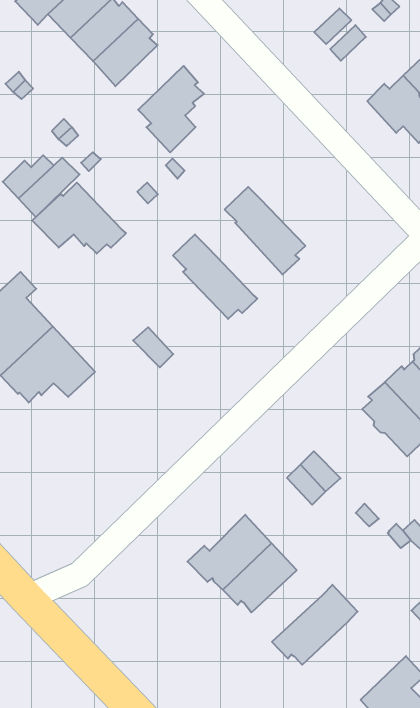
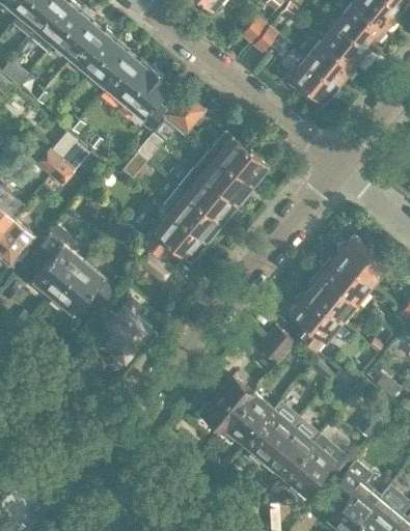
building: none -> [107,56,153,103]
building: none -> [168,95,203,131]
building: none -> [208,128,268,186]
building: [32,183,126,254] -> [141,212,208,259]
building: none -> [185,173,239,222]
building: none -> [105,298,157,360]
building: none -> [290,292,340,351]
building: none -> [245,401,299,462]
building: none -> [284,434,345,498]

